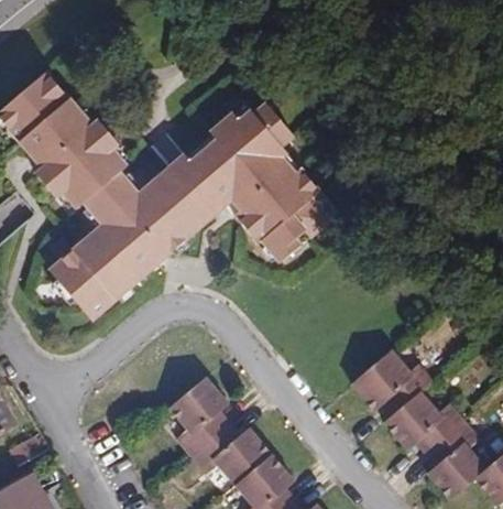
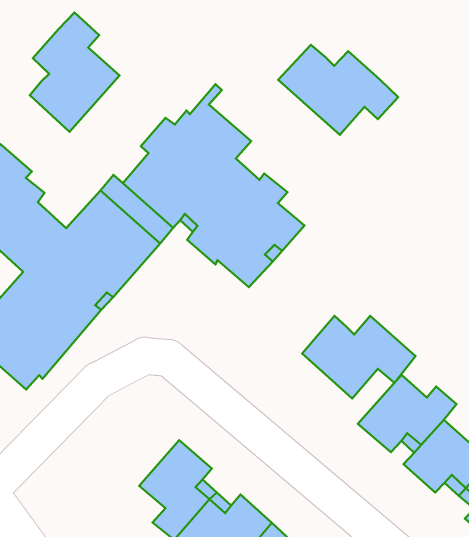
building: none -> [30,13,119,132]
building: none -> [278,45,398,135]
building: none -> [302,316,415,399]

